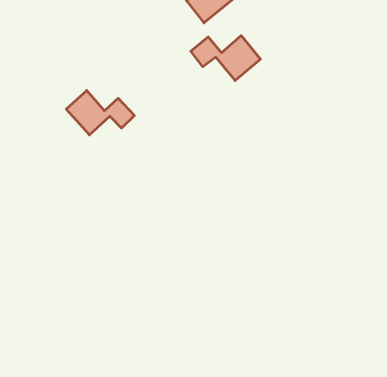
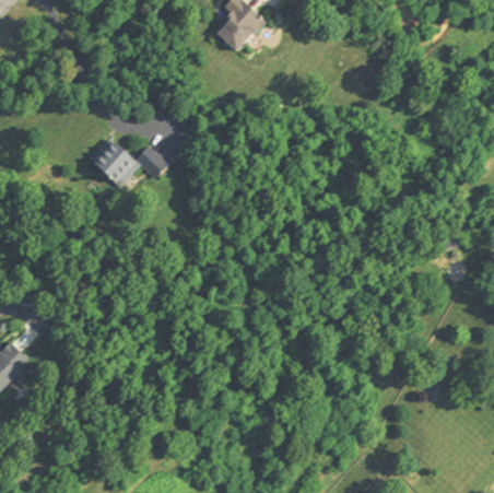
building: [191,36,260,81] -> none

